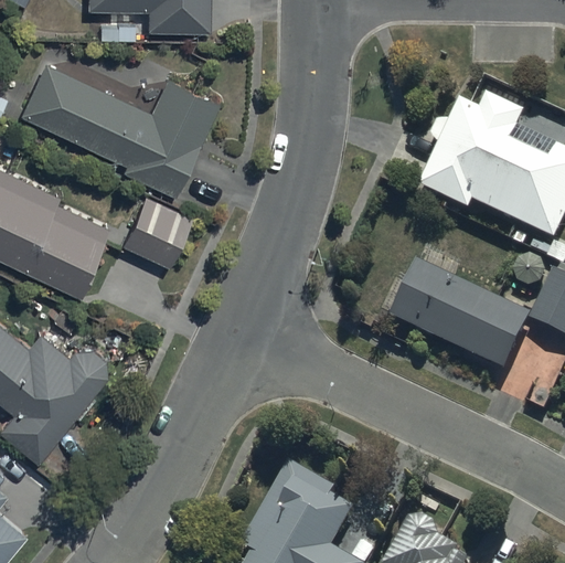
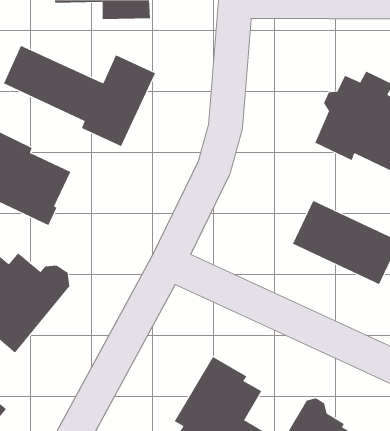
building: [124,195,192,266] -> none

